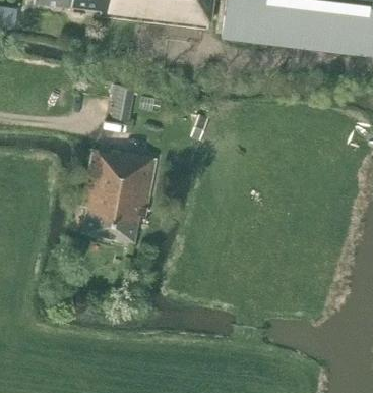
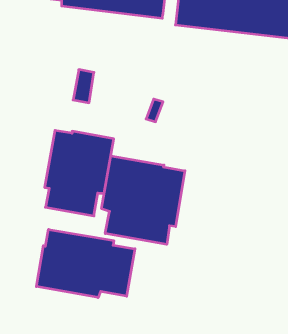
building: none -> [102,156,185,244]
building: none -> [36,229,135,298]

